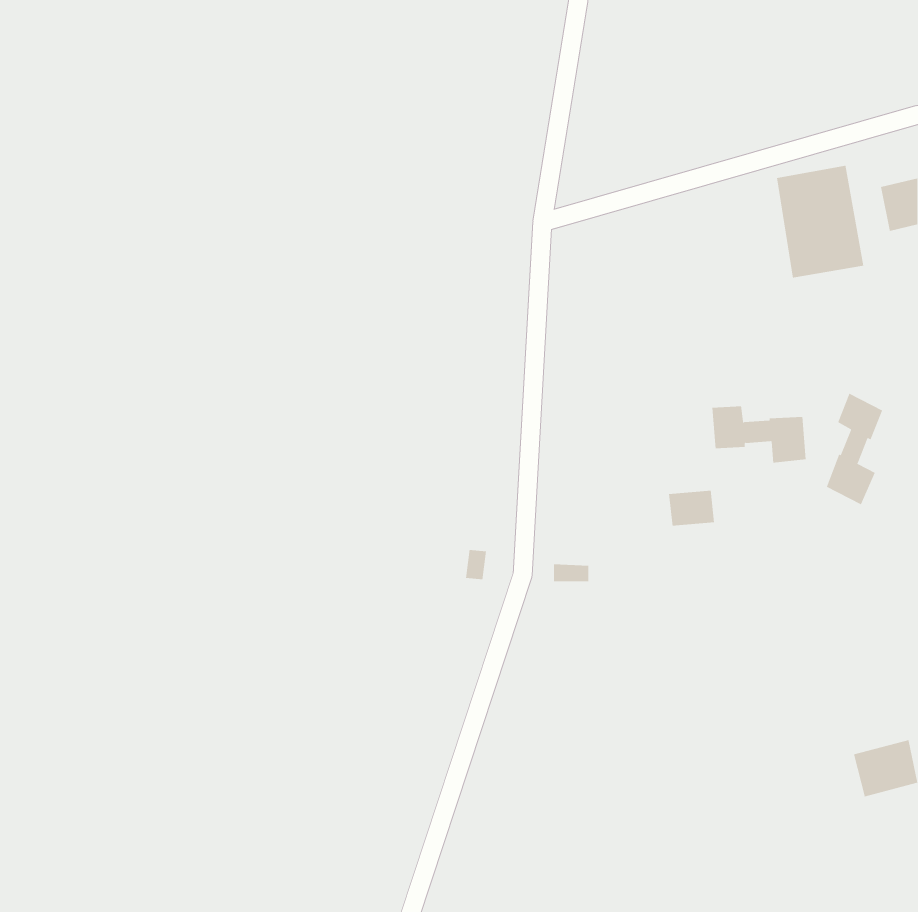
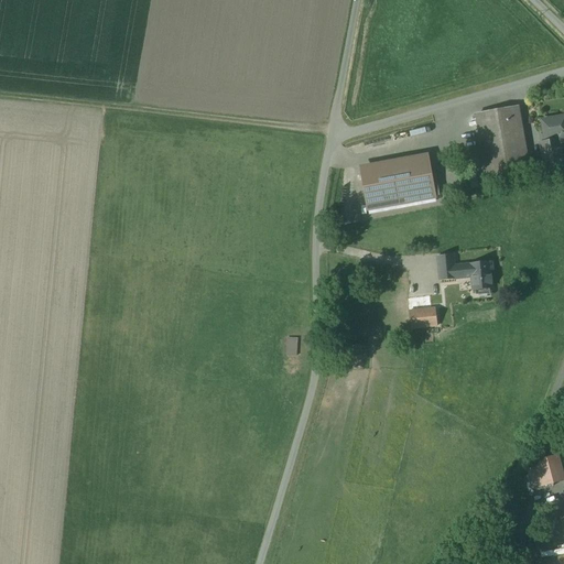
building: none -> [357,151,440,212]
building: [826,393,883,505] -> none

